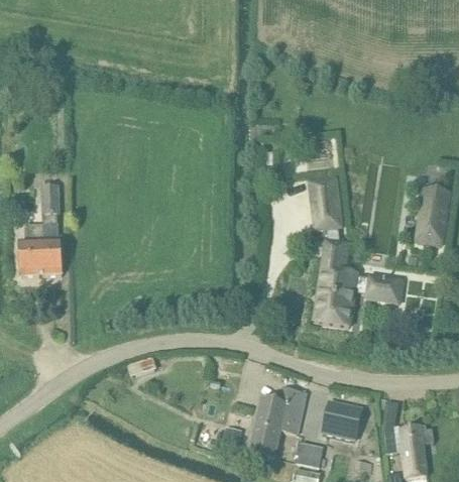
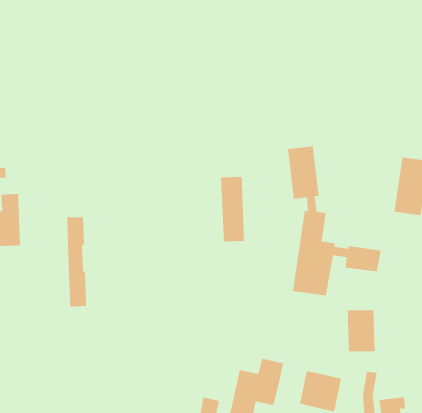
building: [42,185,63,274] -> [66,217,87,307]
building: none -> [220,176,245,242]
building: none -> [347,310,375,352]

